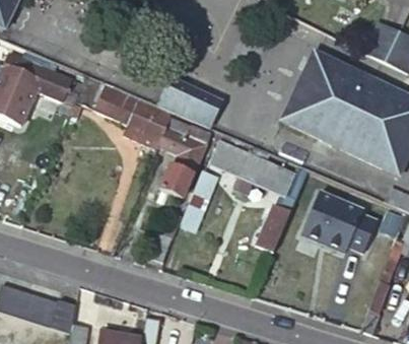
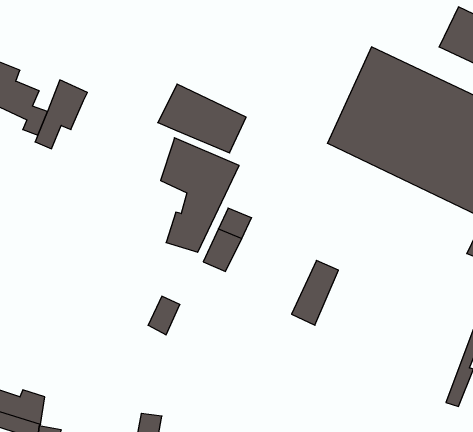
building: [93,87,168,151] -> none
building: [216,142,294,195] -> none
building: [304,189,380,249] -> none

